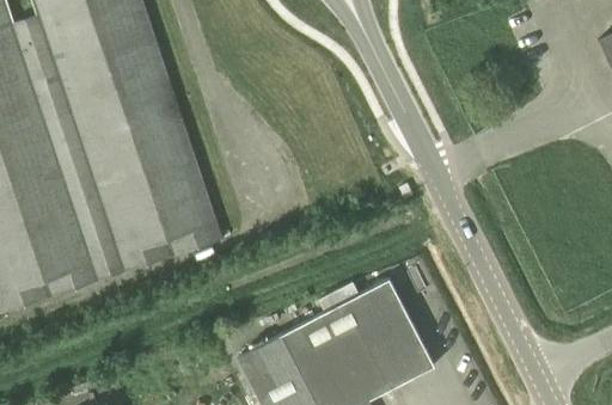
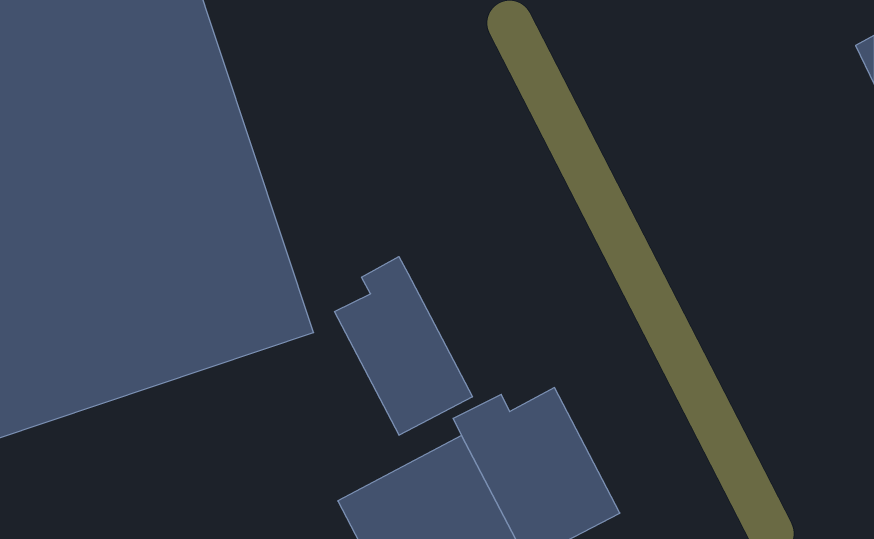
building: none -> [335,257,472,435]

